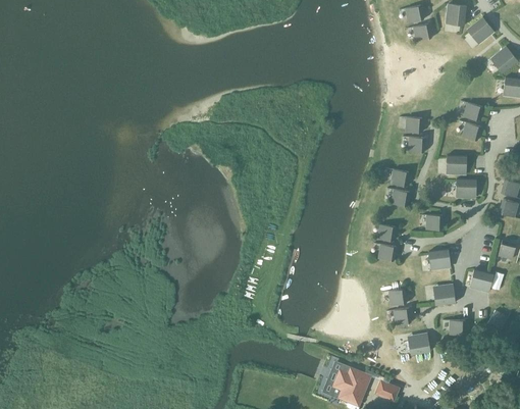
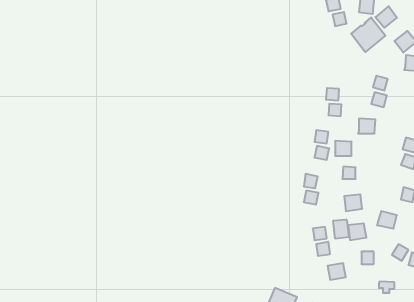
building: none -> [351,17,385,52]
building: [455,178,475,197] -> [335,141,352,156]
building: none -> [333,219,349,239]

